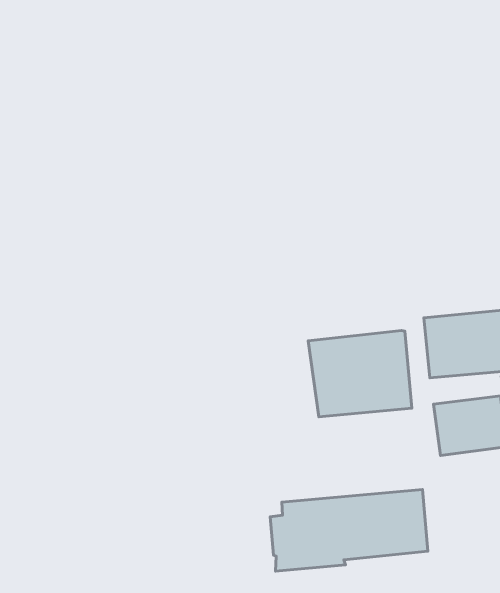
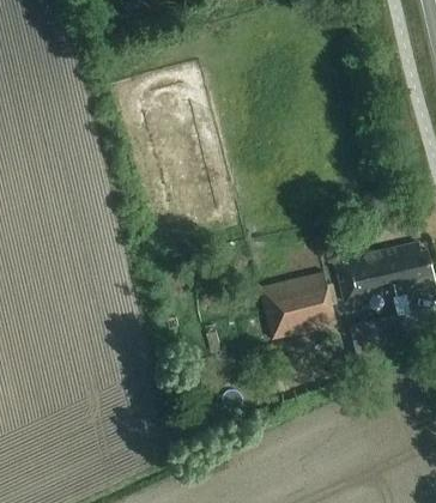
building: [270,489,428,571] -> none

